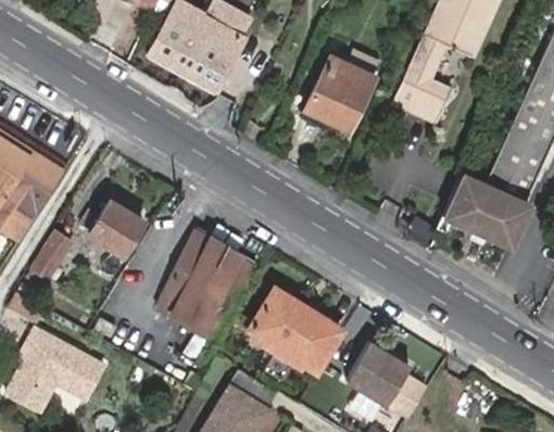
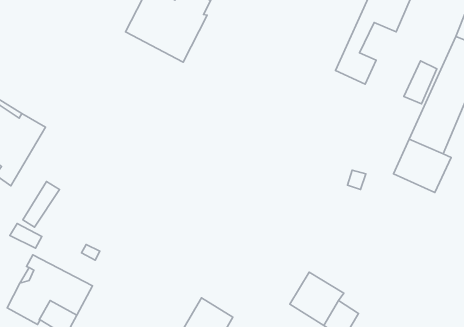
building: [305,56,374,131] -> none
building: [445,174,484,225] -> [404,61,437,104]
building: [81,202,142,256] -> none
building: [154,232,259,346] -> none
building: [250,291,341,371] -> none

